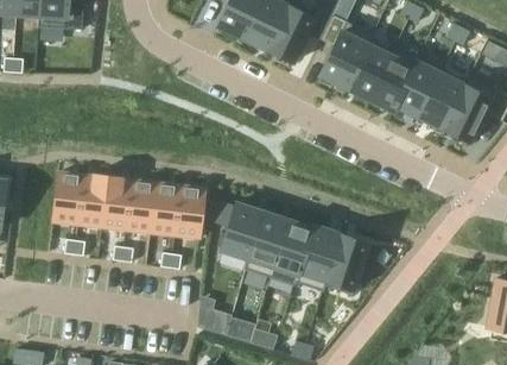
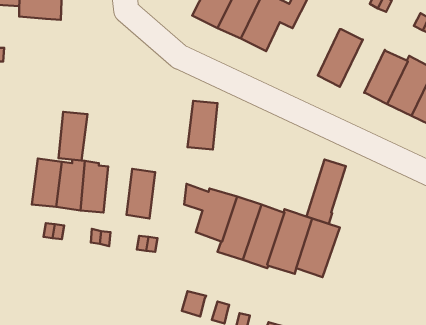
building: [319,14,373,87] -> none
building: [369,44,419,111] -> none
building: none -> [306,159,346,224]
building: [126,181,156,231] -> [59,112,87,160]
building: [173,187,204,237] -> [187,101,217,149]

